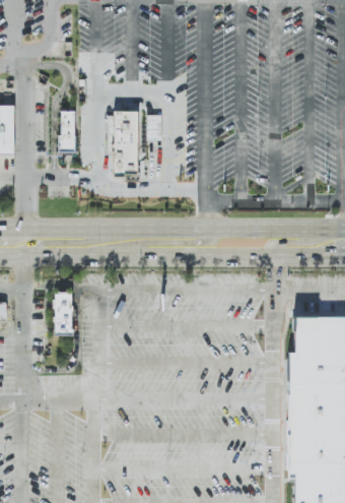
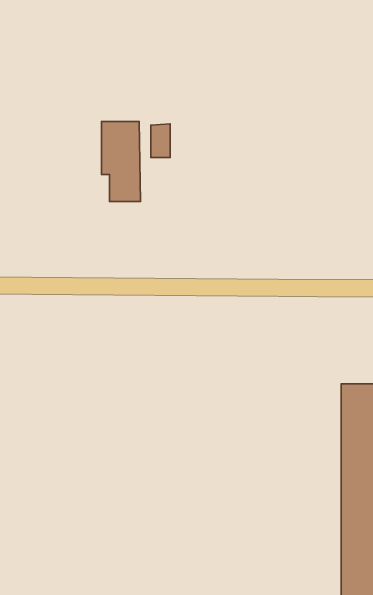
building: [57,110,74,151] -> none
building: [53,292,72,335] -> none

